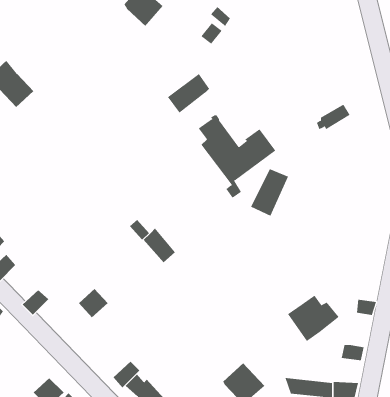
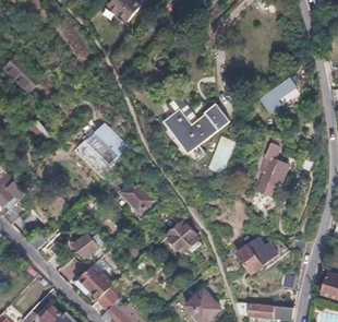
building: [167,73,210,113] -> none
building: none -> [79,130,119,170]
building: none -> [264,147,293,199]
building: none -> [166,220,197,252]
building: none -> [76,262,110,295]

